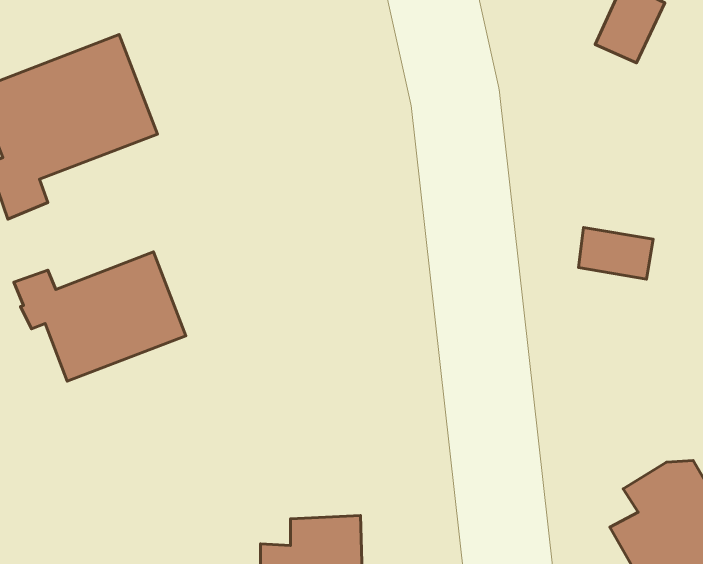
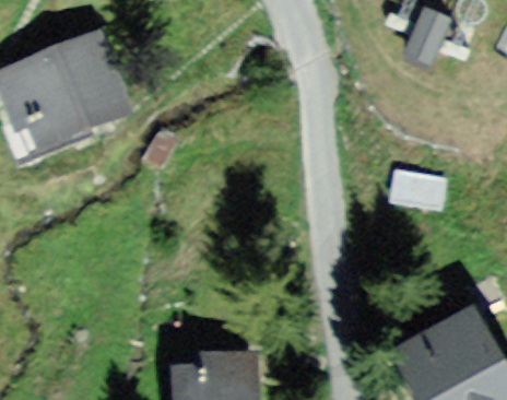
building: [14,252,186,381] -> none

